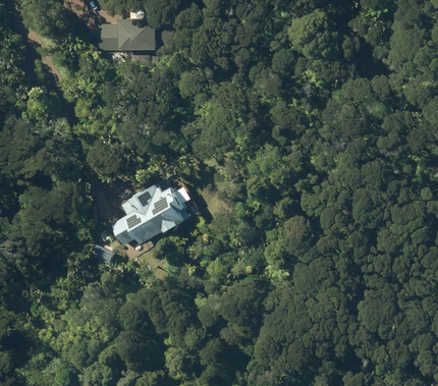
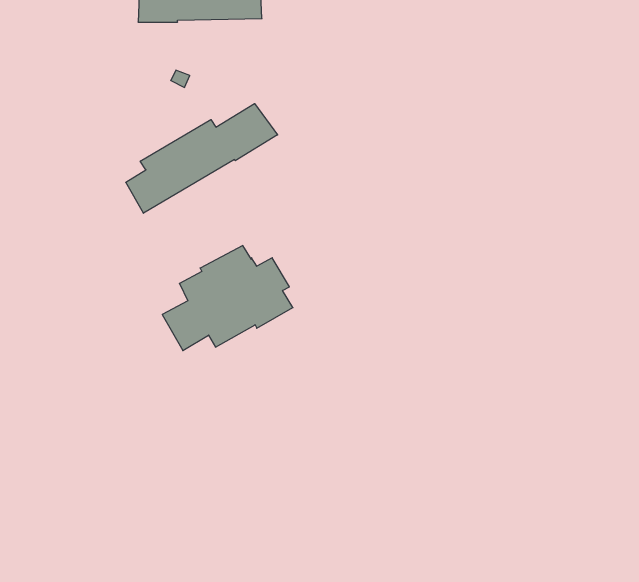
building: none -> [126,104,278,213]

